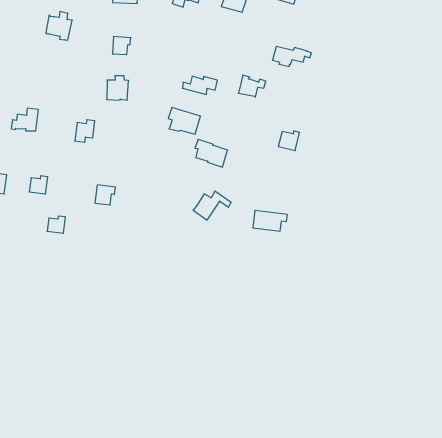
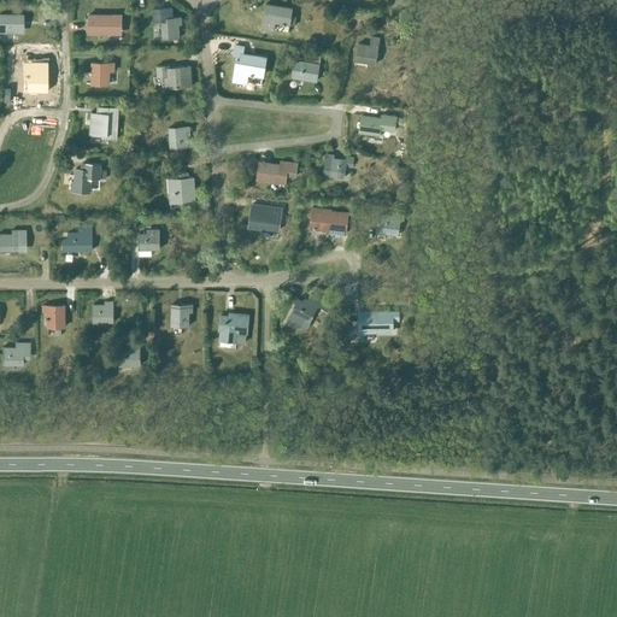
building: none -> [71,164,106,193]
building: [195,139,228,167] -> [311,206,349,235]
building: none -> [218,313,248,343]

